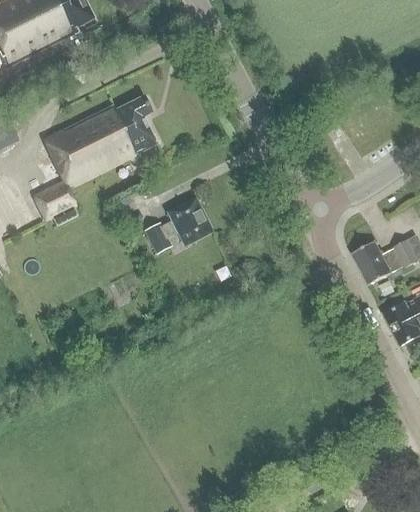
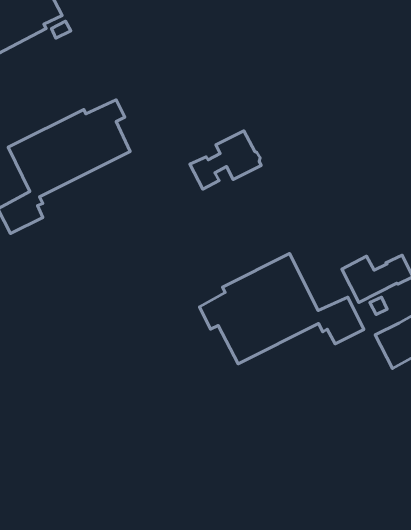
building: [144,198,210,252] -> [190,131,261,189]
building: none -> [199,254,364,364]

